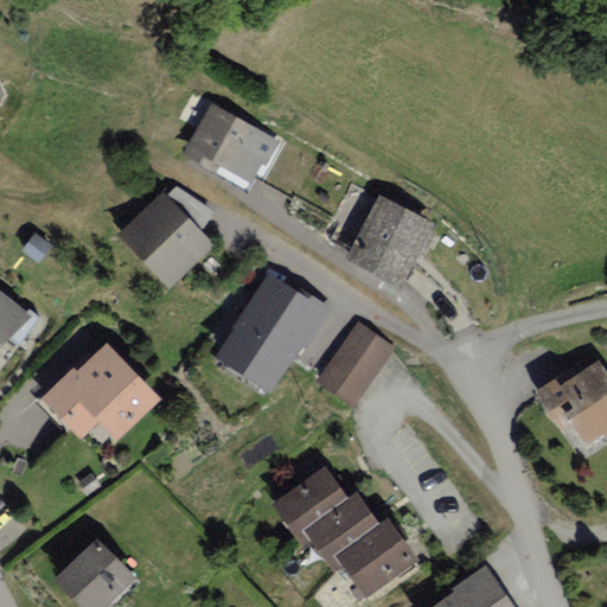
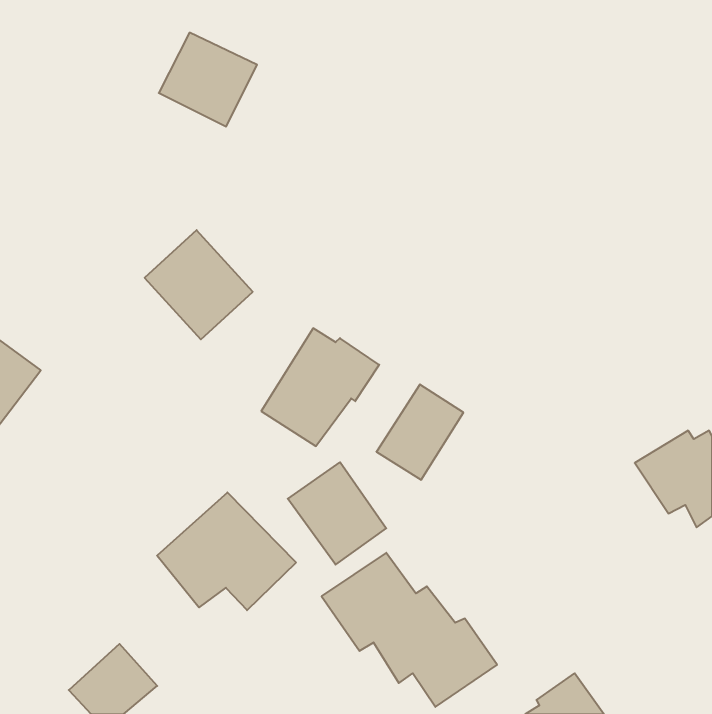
building: [186,102,269,181] -> [159,33,257,127]
building: [349,194,437,287] -> none
building: [45,343,162,442] -> [157,492,296,610]
building: none -> [288,462,386,565]

